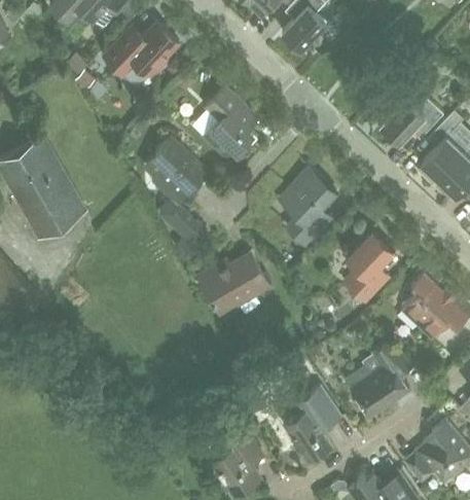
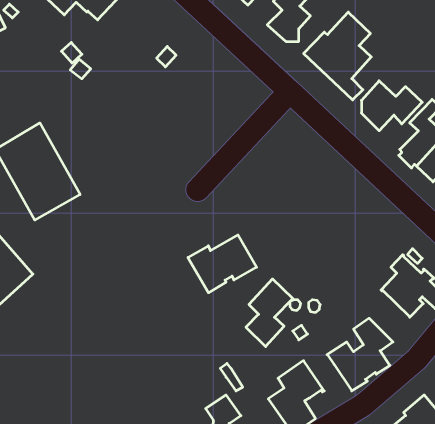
building: none -> [304,12,371,100]
building: [104,23,179,77] -> none
building: [204,86,259,159] -> none
building: [145,138,209,258] -> none
building: [280,168,335,247] -> none
building: [345,231,394,302] -> [246,279,293,347]

